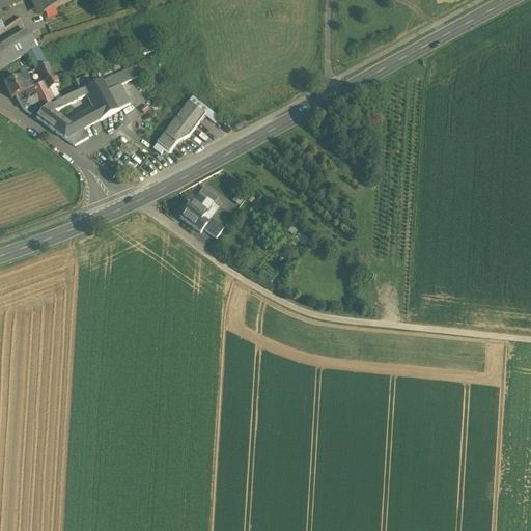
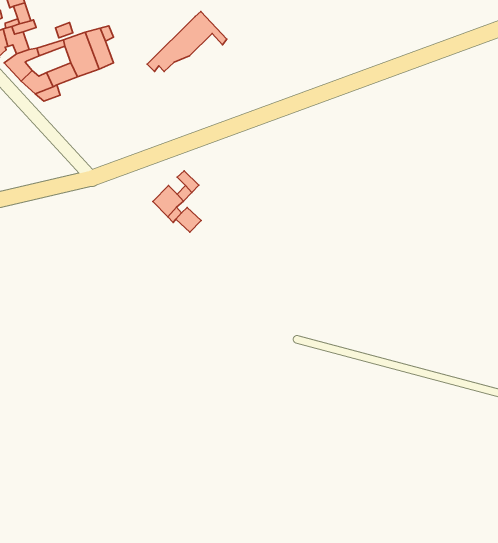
building: [152,94,218,151] -> [147,11,227,72]

